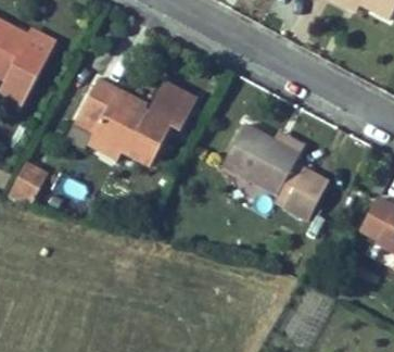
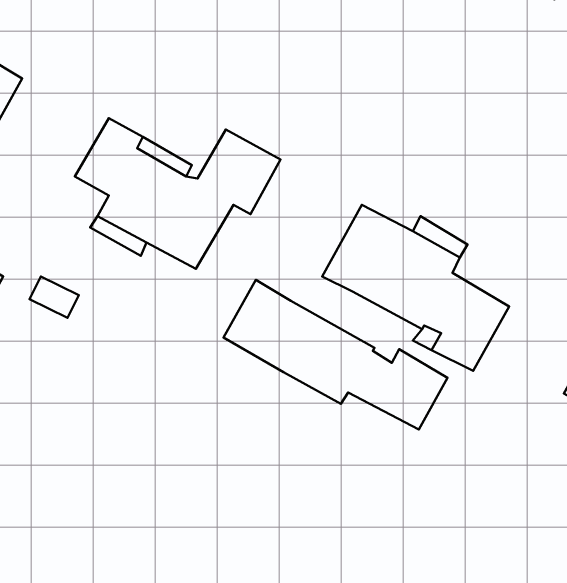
building: none -> [223,280,448,430]

